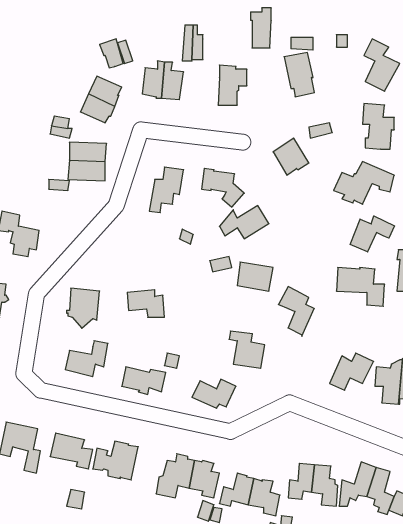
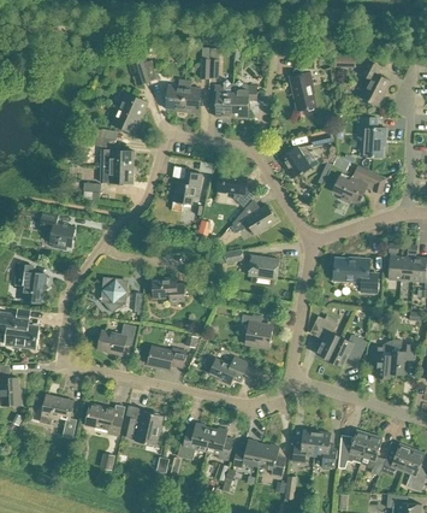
building: [251,8,271,48] -> [215,82,233,117]
building: [350,216,395,252] -> none
building: [278,287,314,336] -> [309,317,340,360]

